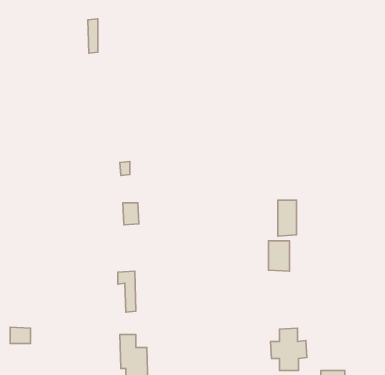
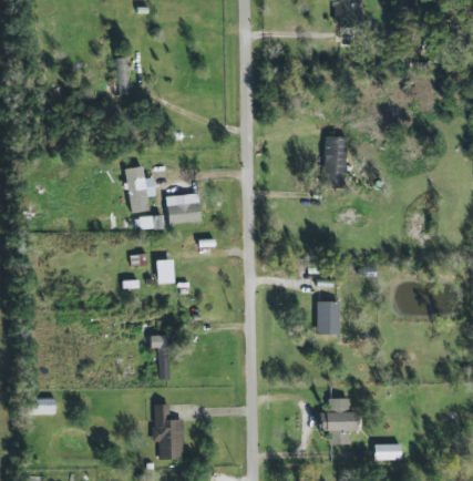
building: none -> [321,136,347,186]
building: none -> [125,166,155,213]
building: none -> [166,193,202,224]
building: [278,200,297,236] -> none

